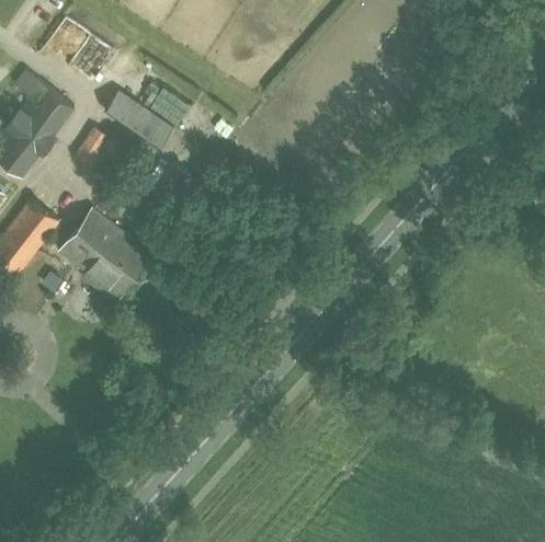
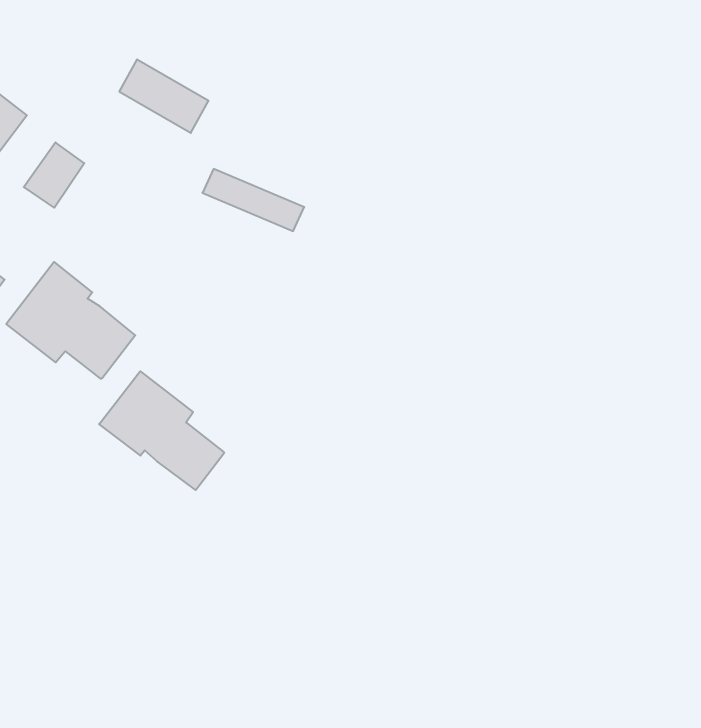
building: [111,100,181,142] -> [202,169,304,231]
building: none -> [99,371,224,490]

